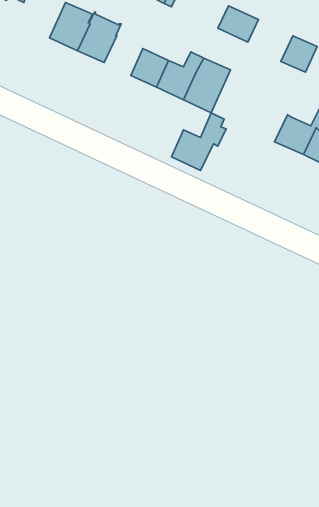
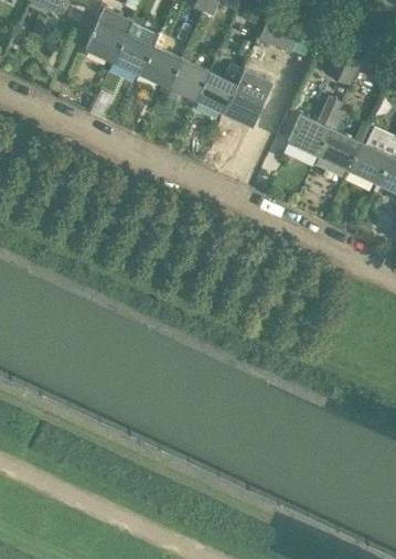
building: none -> [141,47,181,88]
building: [172,113,226,171] -> [287,97,343,157]

